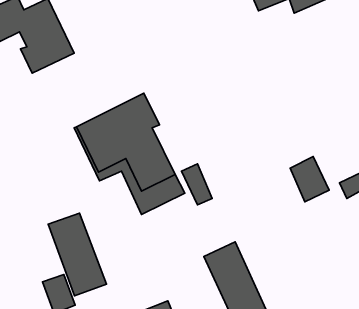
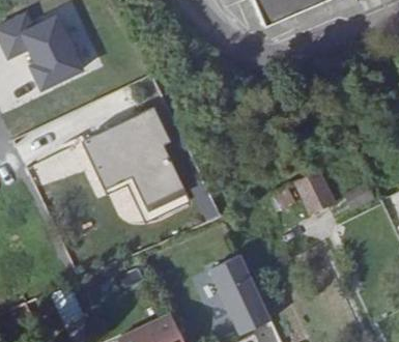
building: [48,213,106,296] -> none

